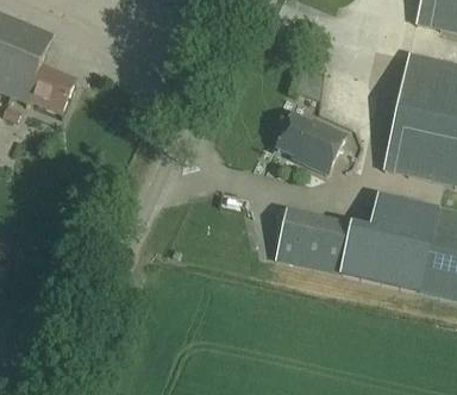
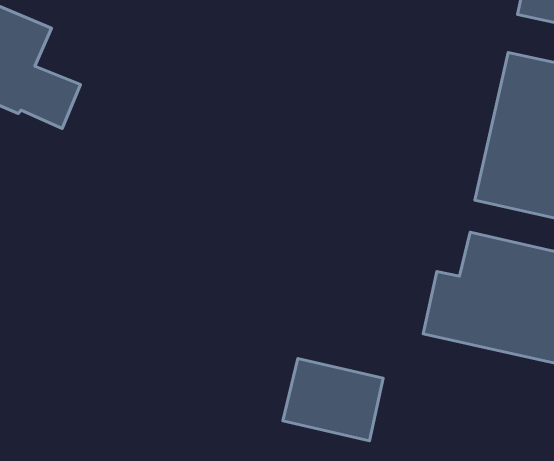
building: [276,113,346,174] -> none
building: [275,209,353,274] -> [283,359,383,441]

